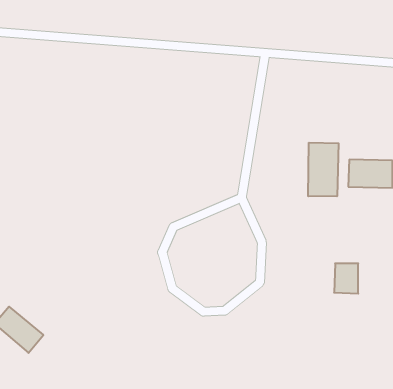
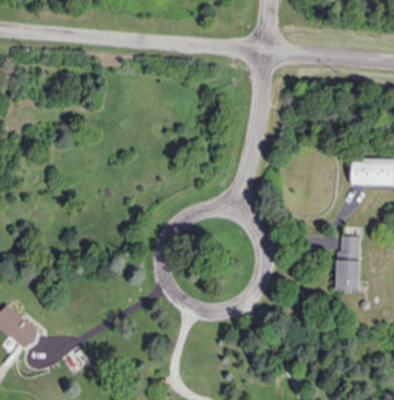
building: [308,143,339,196] -> none
building: none -> [339,238,360,259]

